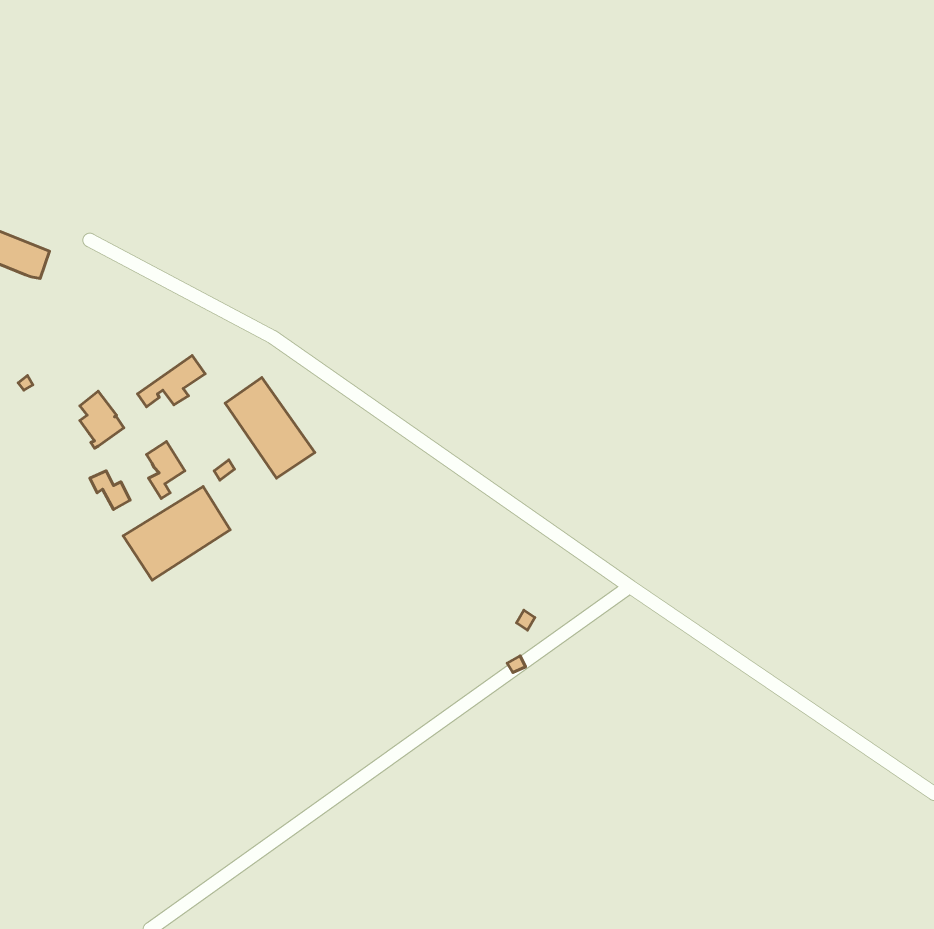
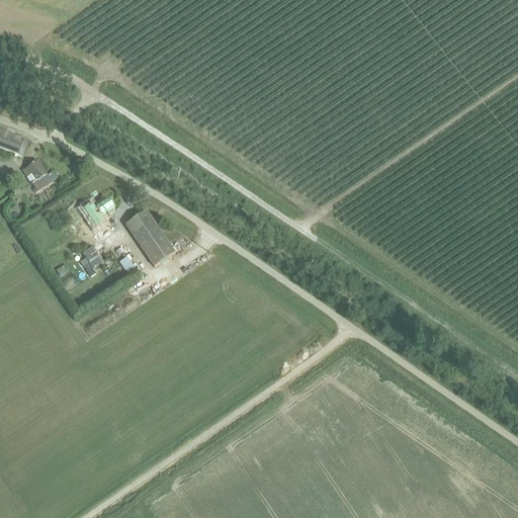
building: [80,391,124,448] -> [26,159,51,190]
building: [123,486,230,580] -> none

